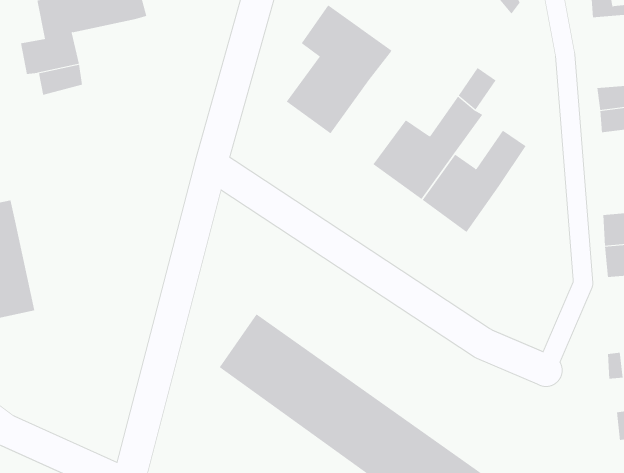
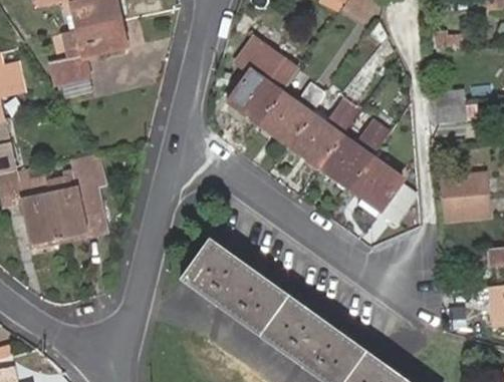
building: none -> [258,85,320,142]
building: none -> [46,154,106,241]
building: none -> [349,157,416,222]

